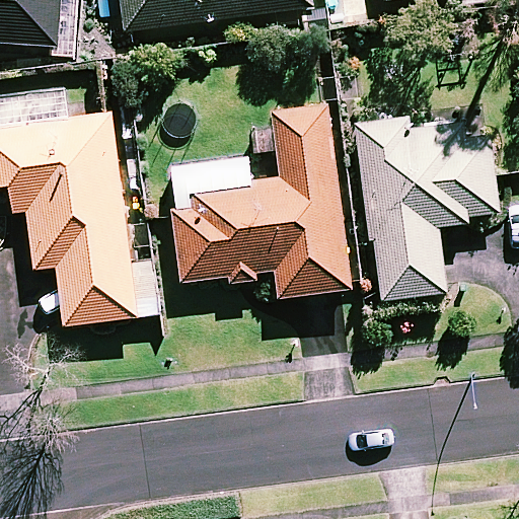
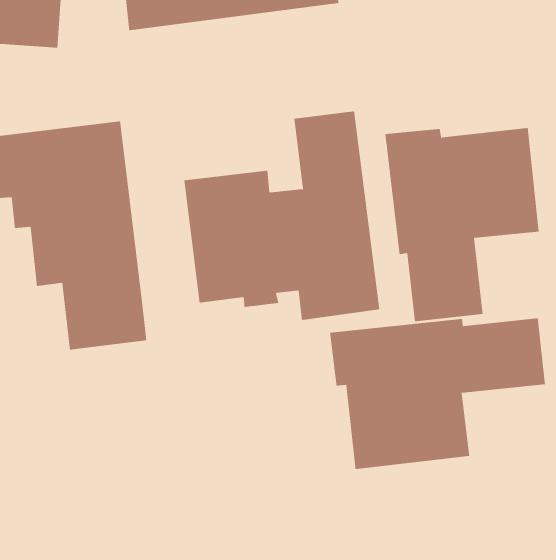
building: none -> [329,317,546,470]

